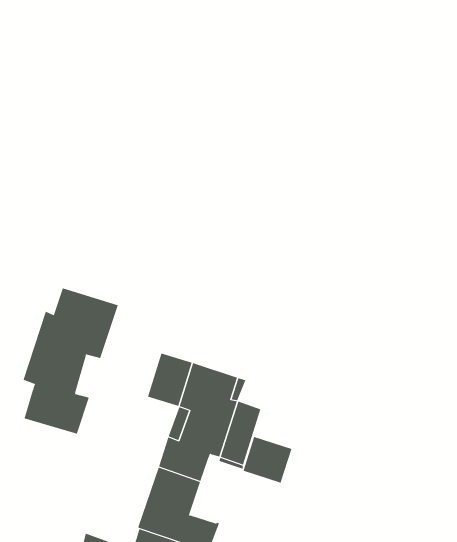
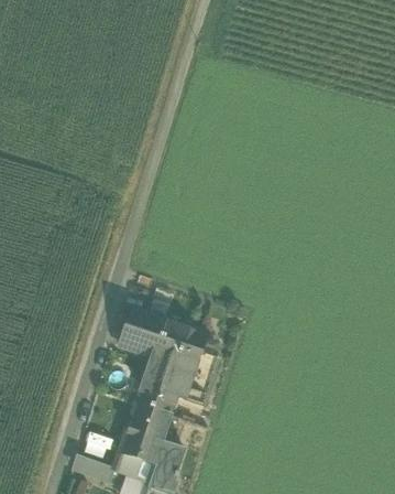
building: [23,287,118,434] -> none
building: [243,436,292,483] -> none

